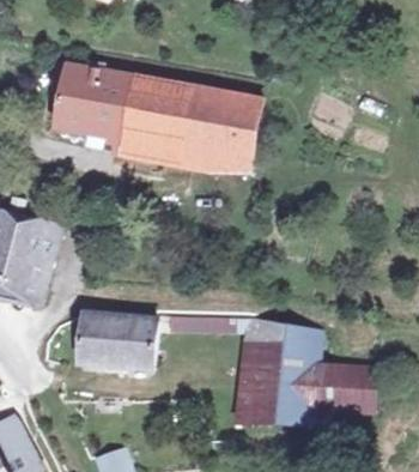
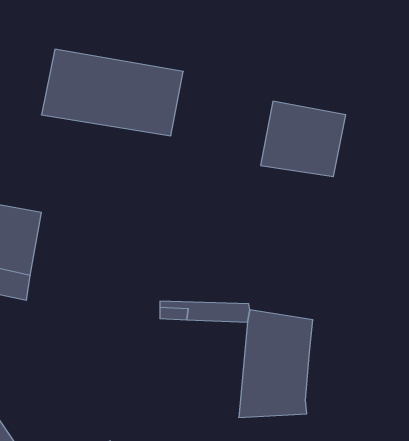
building: [181,87,263,161] -> [261,101,346,177]
building: [81,316,157,365] -> none
building: [311,363,377,409] -> none

